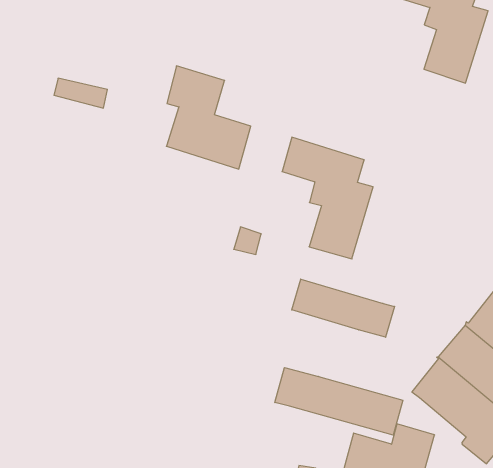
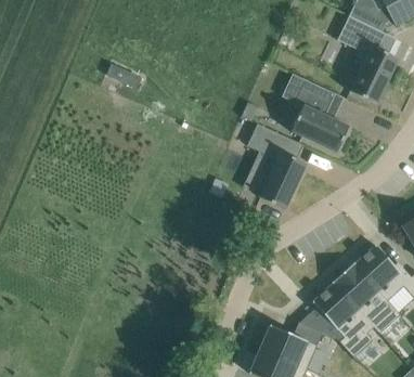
building: [166,66,251,169] -> [290,78,348,152]
building: [292,279,395,337] -> none
building: [275,368,403,435] -> none

